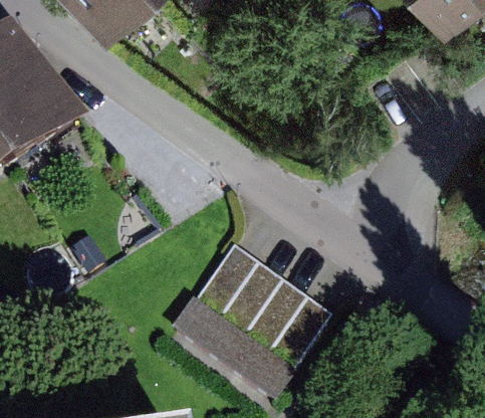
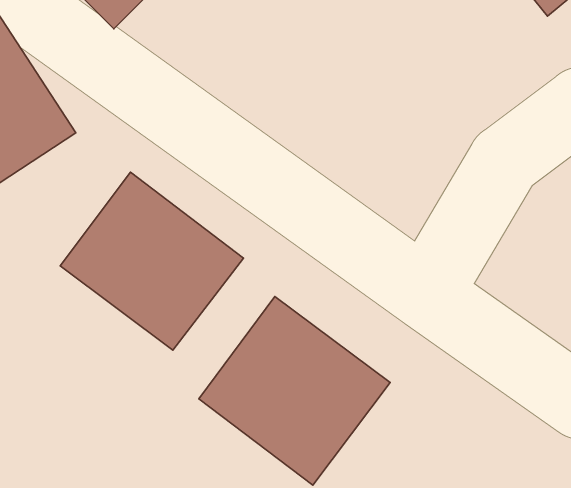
building: none -> [60,172,244,350]

